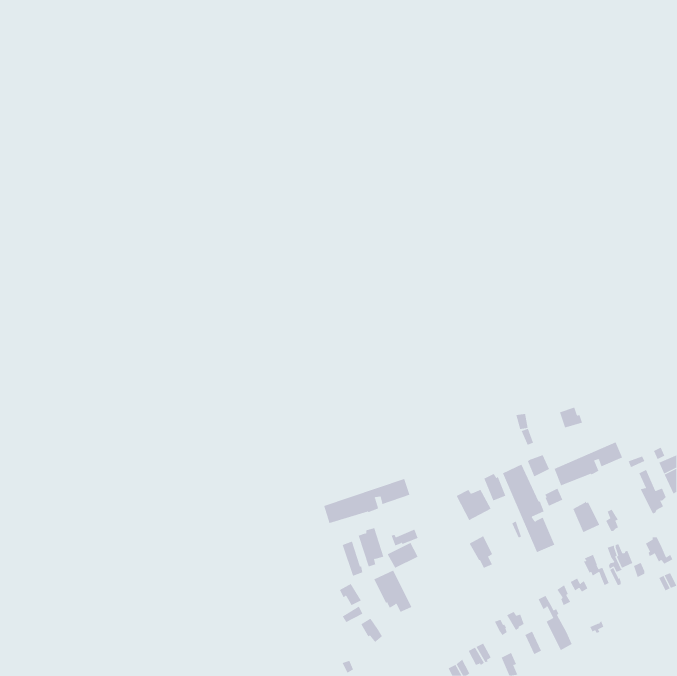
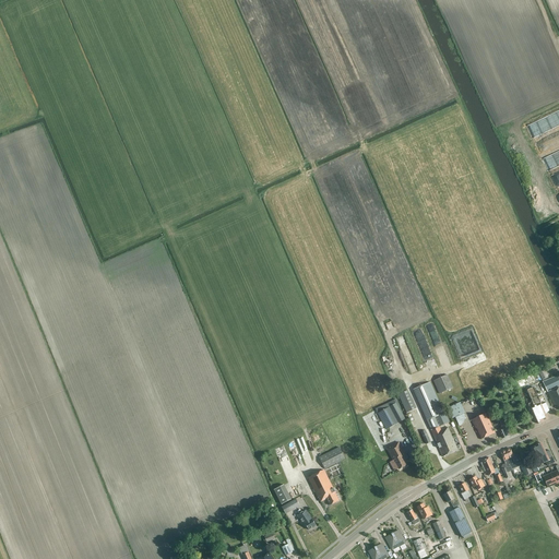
building: [554,442,623,486] -> none
building: [324,478,410,524] -> none

